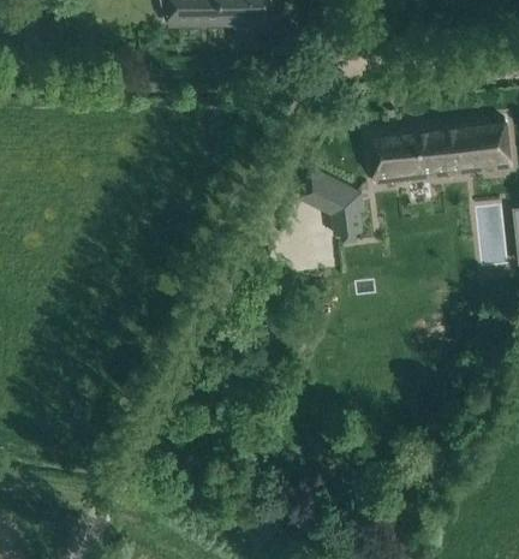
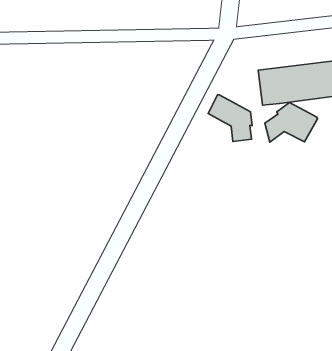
building: none -> [265,103,318,142]

